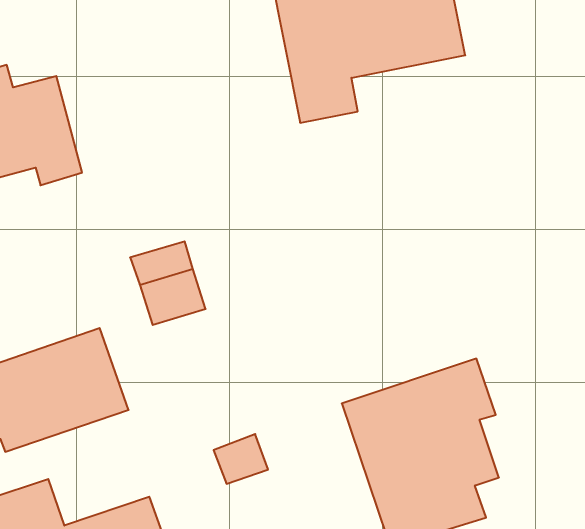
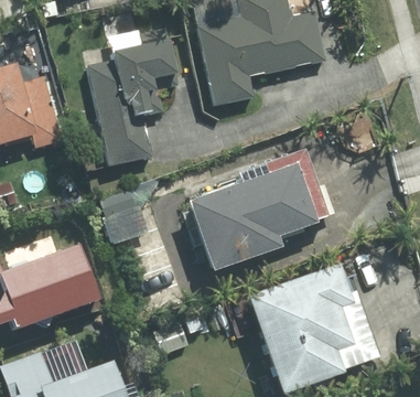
building: none -> [87,26,179,167]
building: none -> [185,167,313,273]

